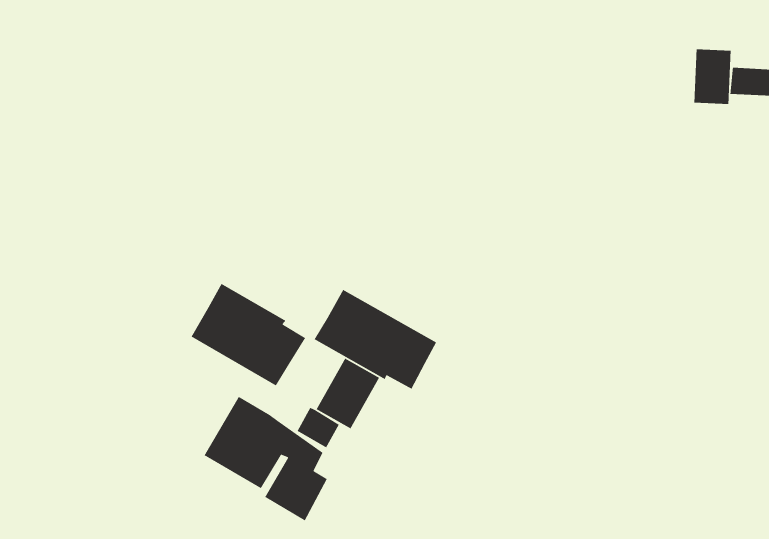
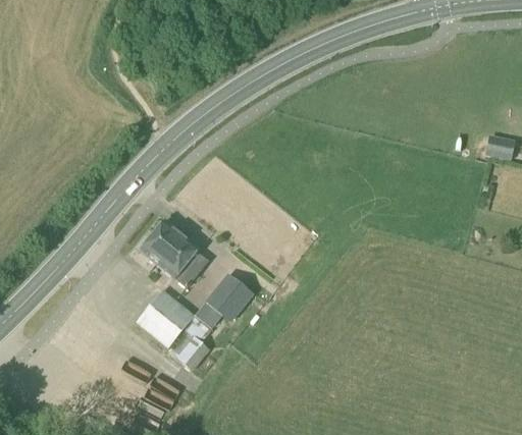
building: [693,49,732,105] -> none
building: [314,289,437,390] -> none

